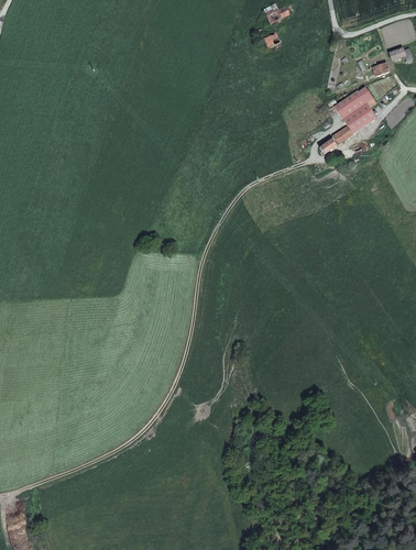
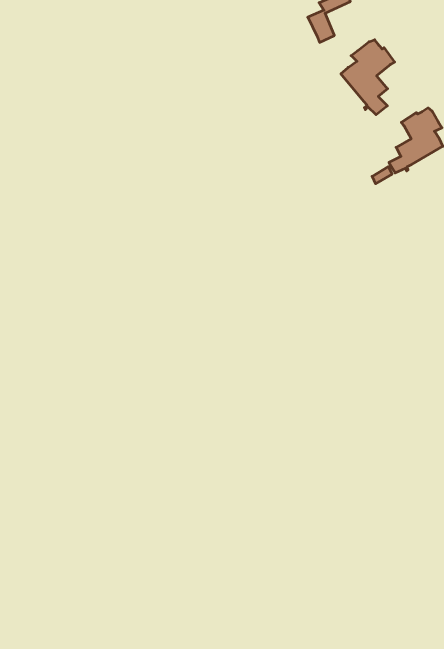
building: none -> [341,40,395,115]

